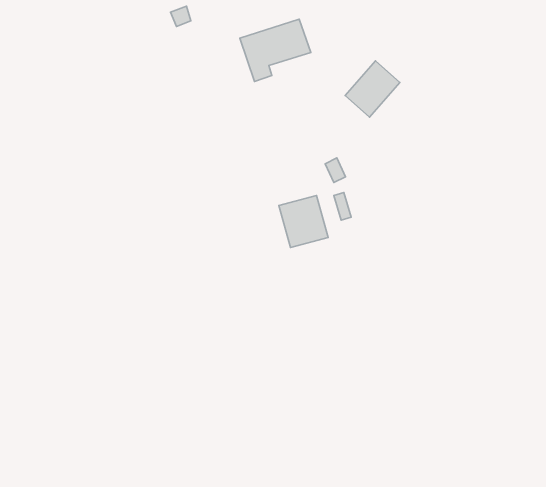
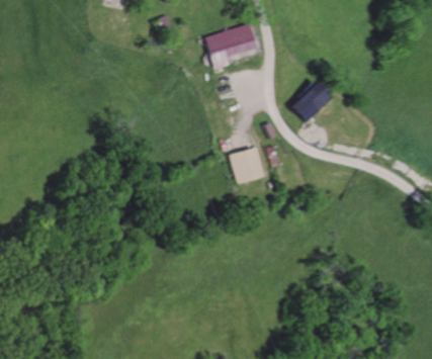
building: [345,61,400,117] -> [292,82,331,121]

